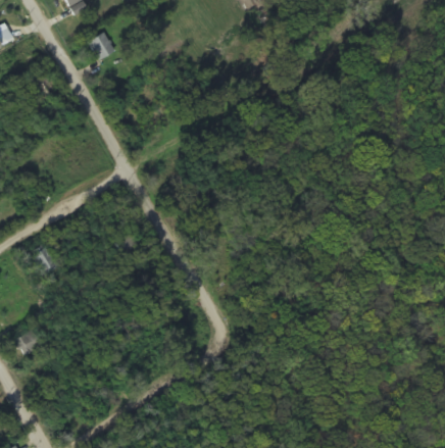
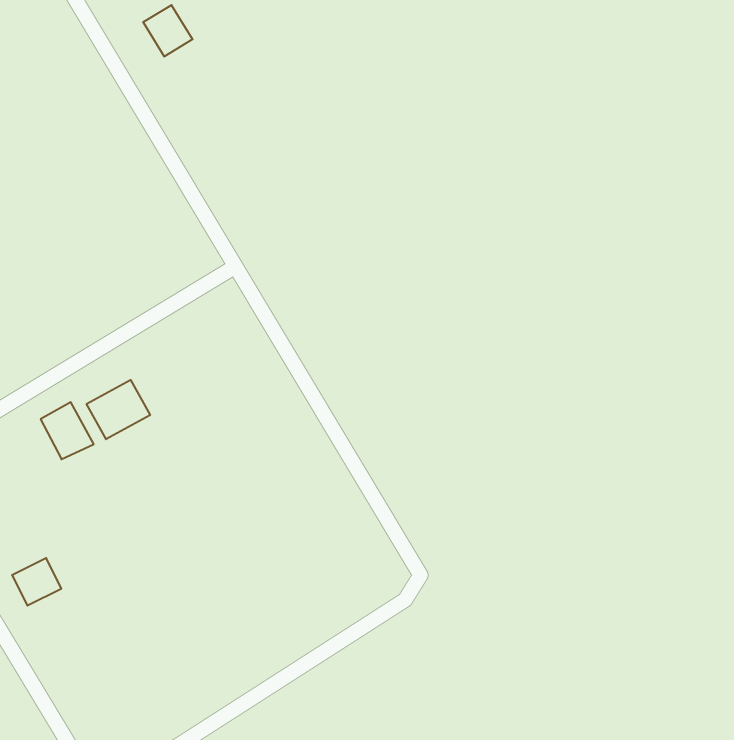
building: none -> [87,380,150,439]

